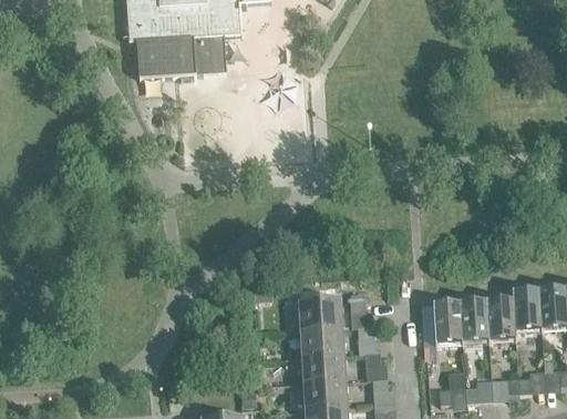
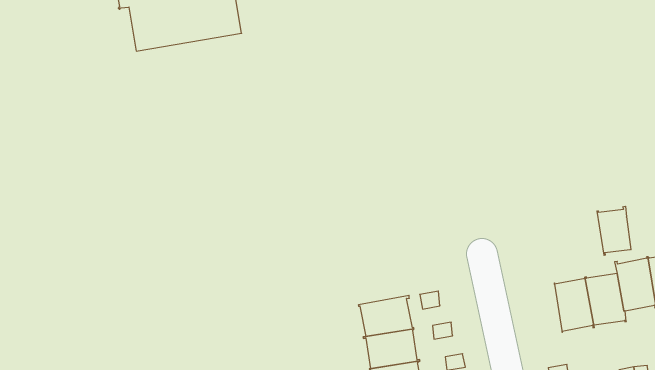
building: none -> [597,206,631,255]
building: [432,300,462,344] -> none

